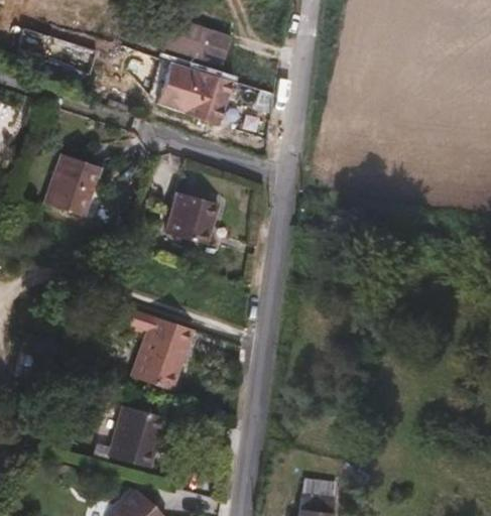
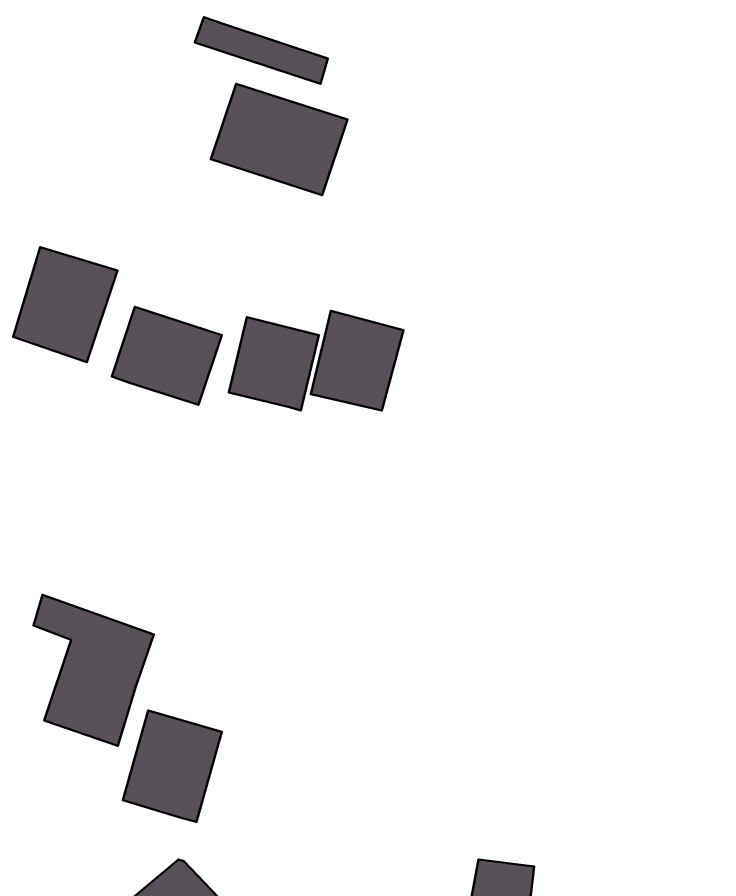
building: none -> [112,307,222,405]
building: none -> [311,311,404,410]
building: [124,309,192,394] -> [33,595,154,746]

